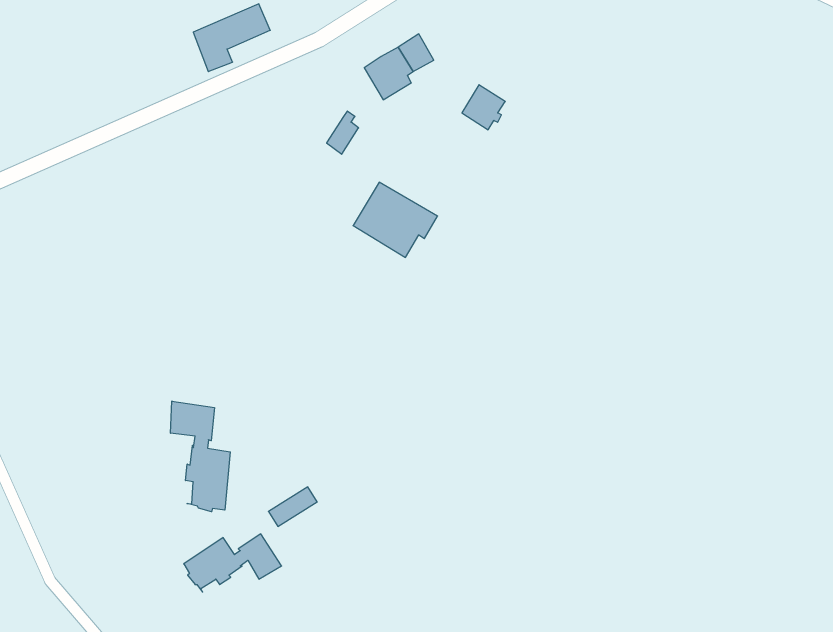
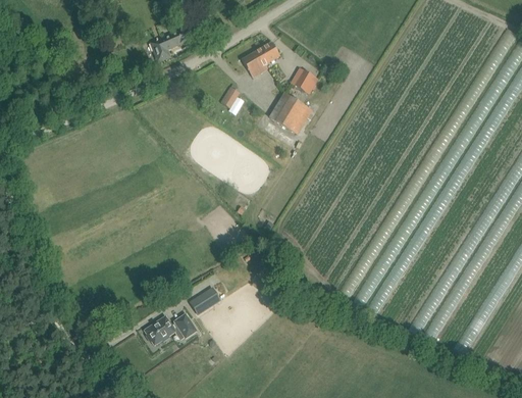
building: [353,182,438,257] -> [269,93,315,134]
building: [171,401,230,512] -> none

